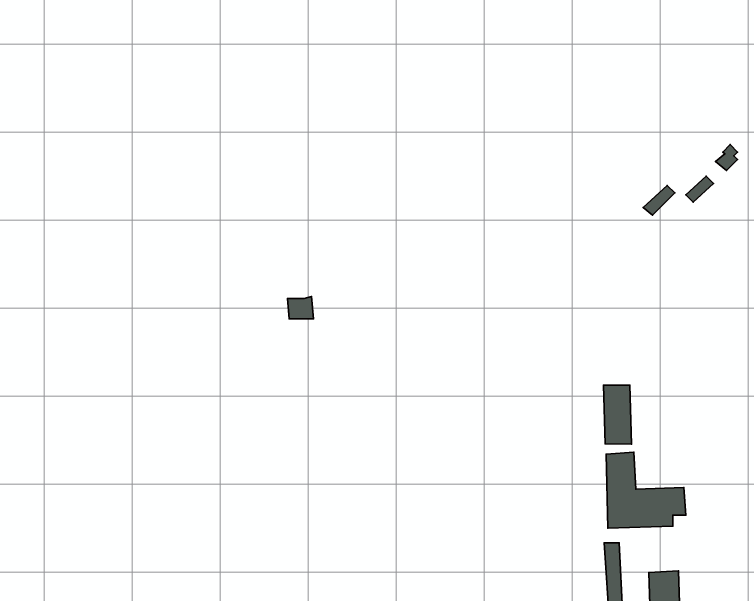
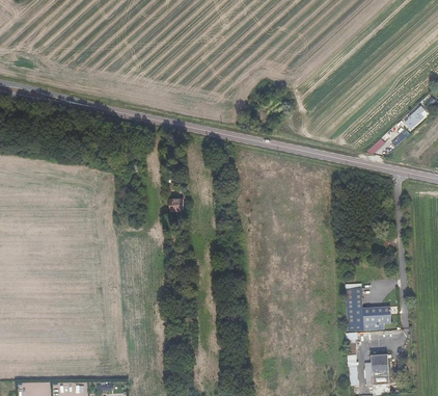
building: [604,385,632,444] -> none

